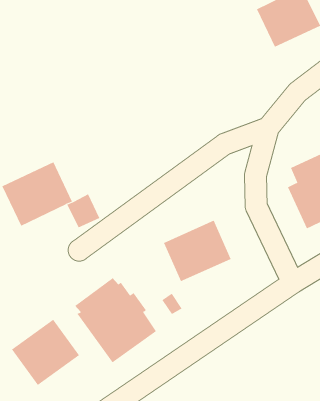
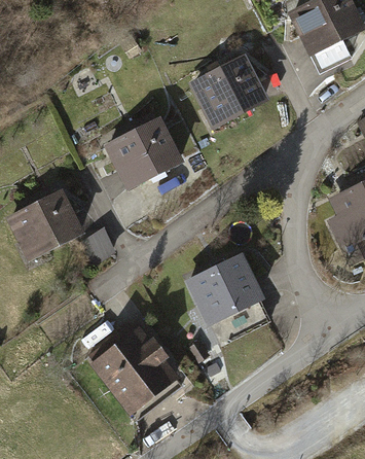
building: none -> [187,58,263,129]
building: none -> [104,115,185,191]
building: [11,319,80,386] -> none

